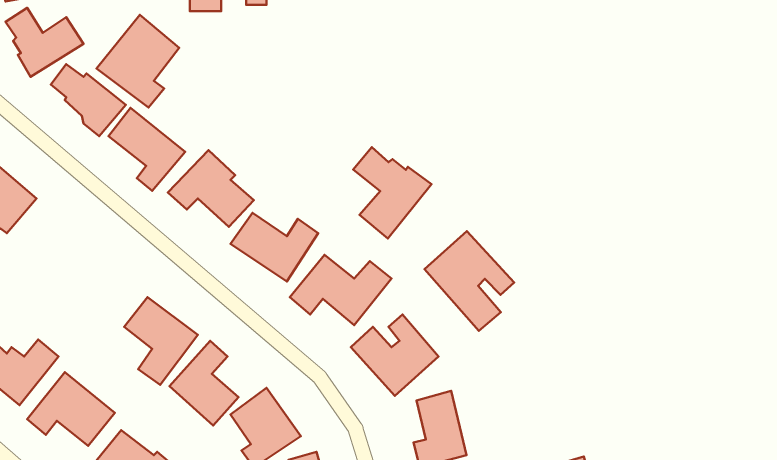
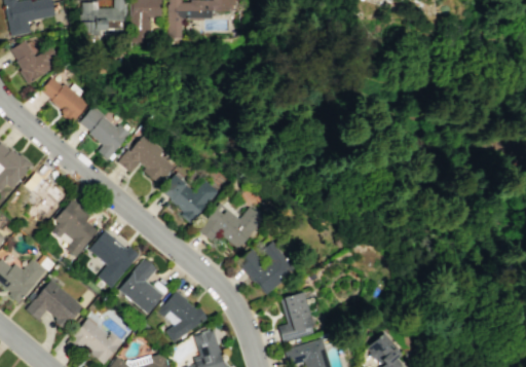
building: [97,15,179,108] -> none
building: [353,147,431,239] -> none
building: none -> [25,171,67,221]
building: [424,231,514,331] -> none
building: none -> [52,199,99,257]

